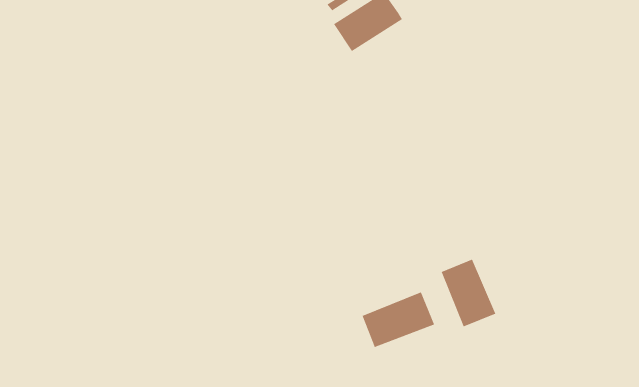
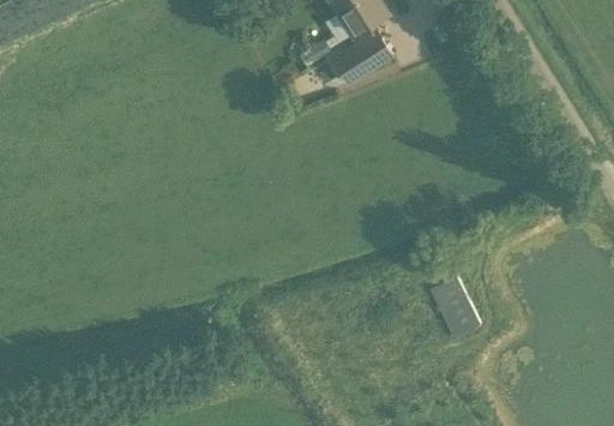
building: [362,291,435,348] -> none

